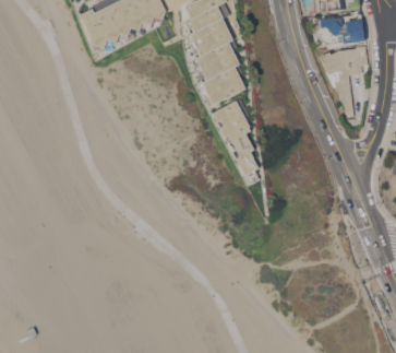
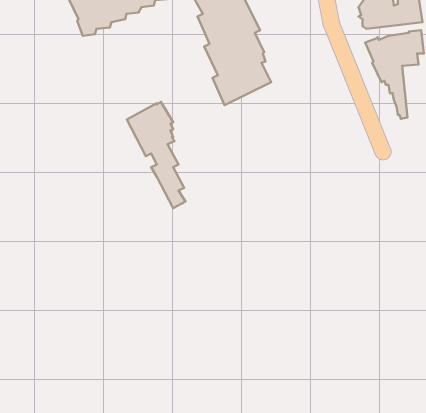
building: [211,98,257,184] -> [127,102,185,208]

